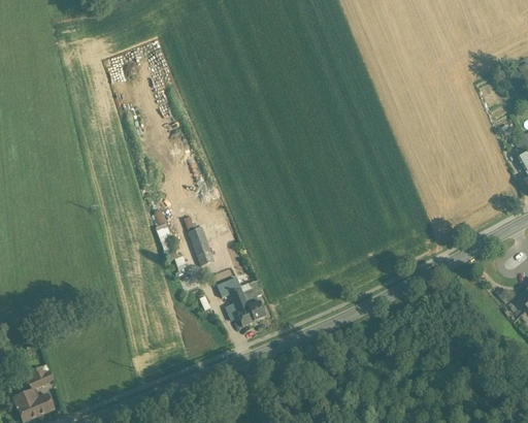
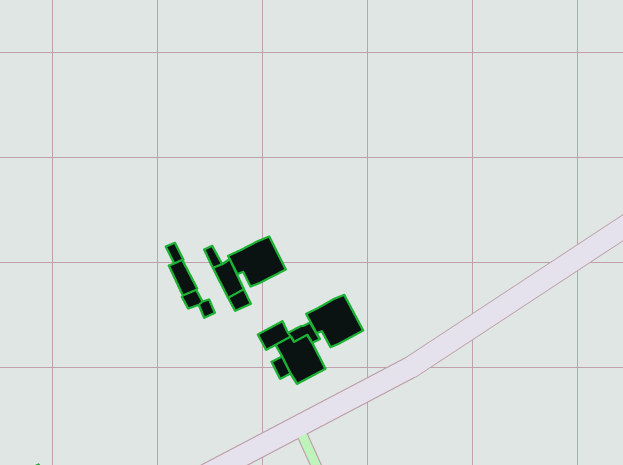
building: none -> [228,236,286,287]
building: none -> [306,295,363,347]

